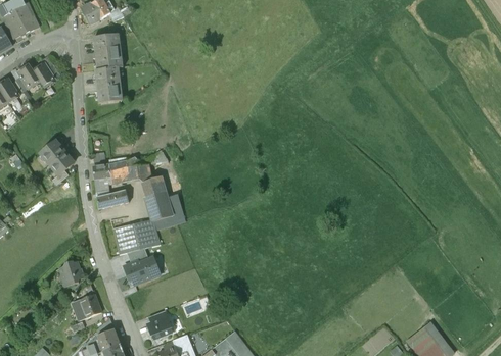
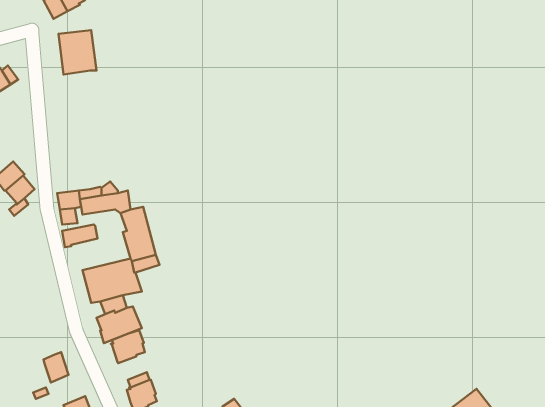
building: [94,66,122,102] -> none
building: [58,260,83,287] -> none
building: none -> [111,330,145,363]

